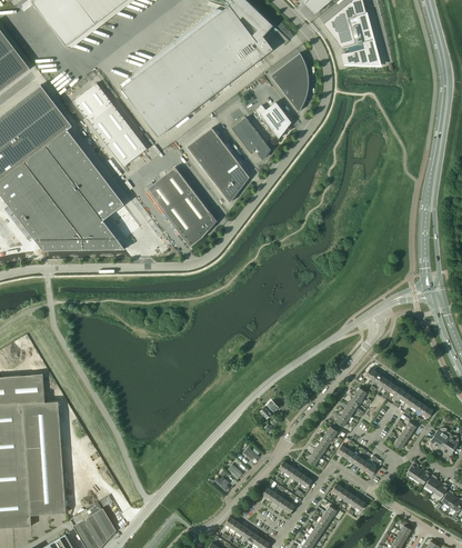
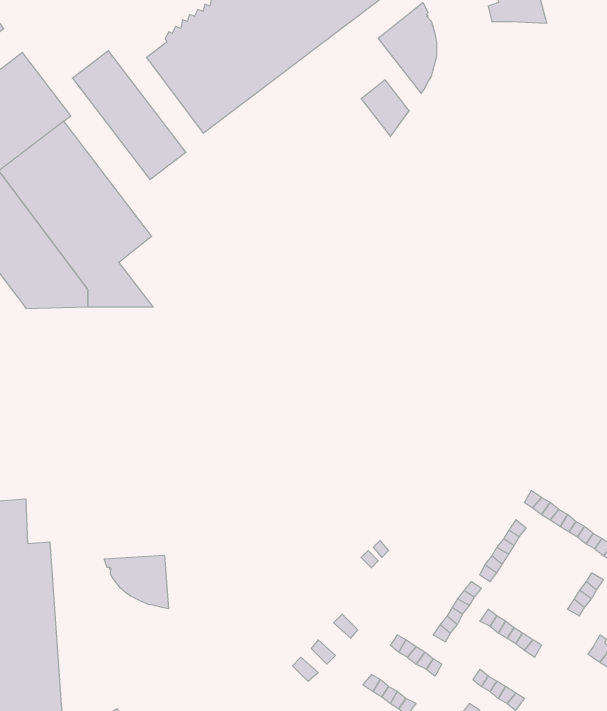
building: [231,118,269,159] -> none
building: [187,128,249,202] -> none
building: [145,167,215,247] -> none
building: none -> [104,555,168,609]

